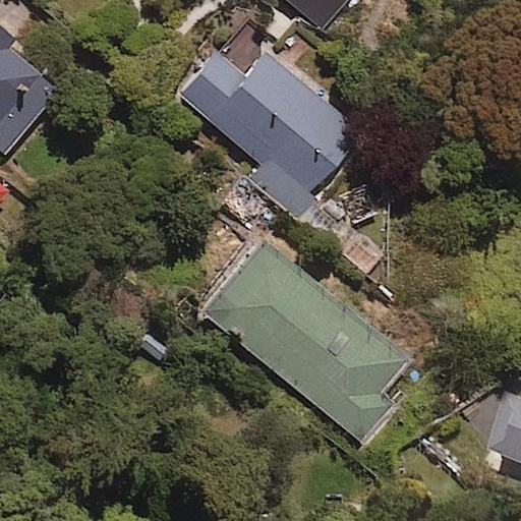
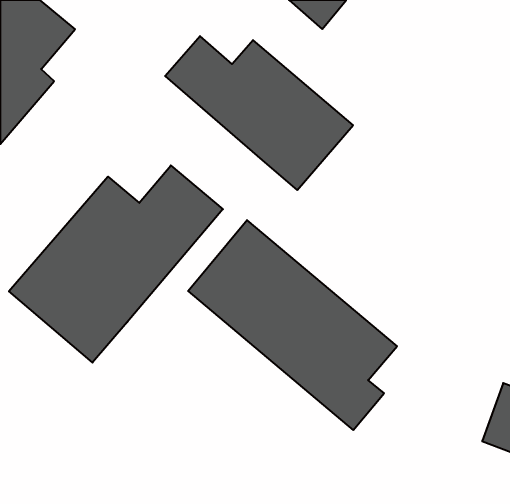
building: none -> [9,165,223,363]

